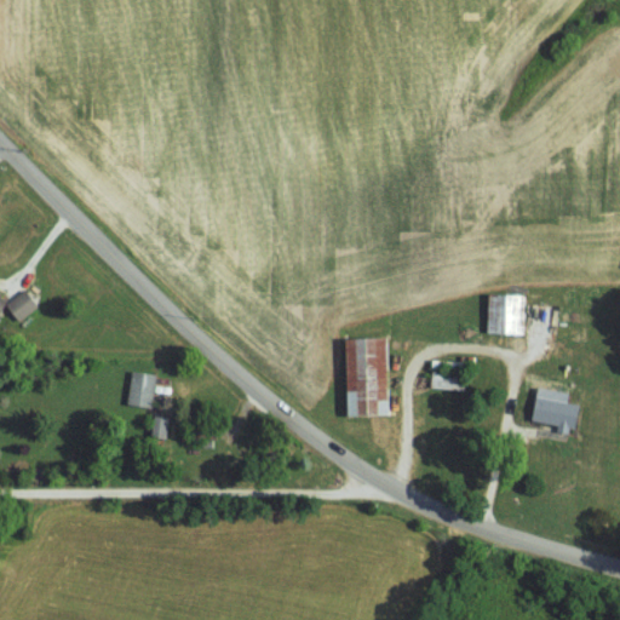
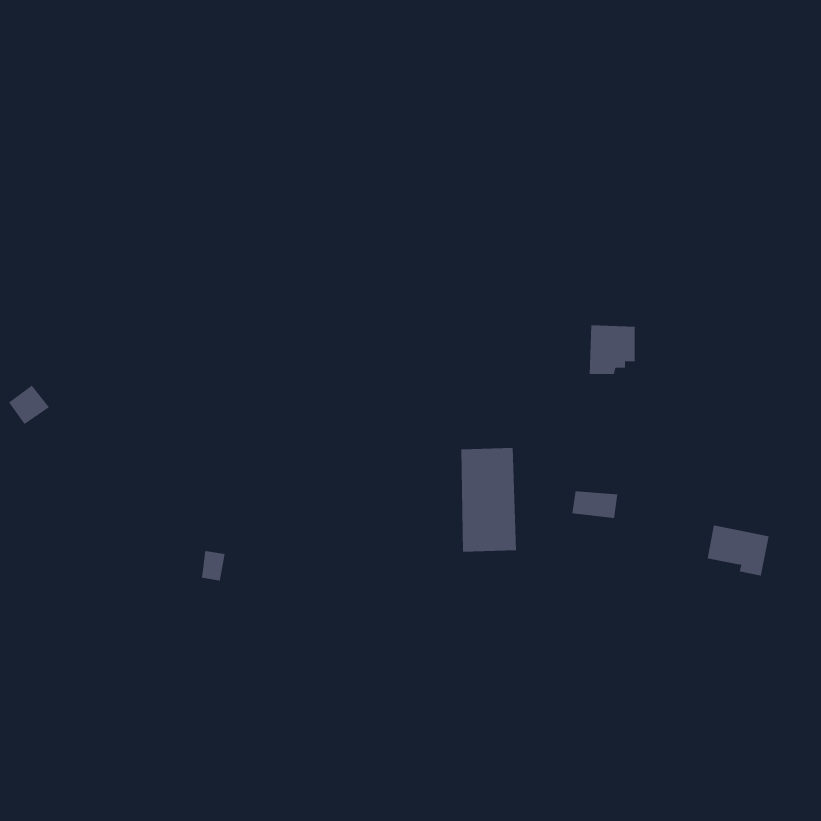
building: [487,295,522,333] -> [589,325,635,375]
building: [126,371,157,408] -> none

